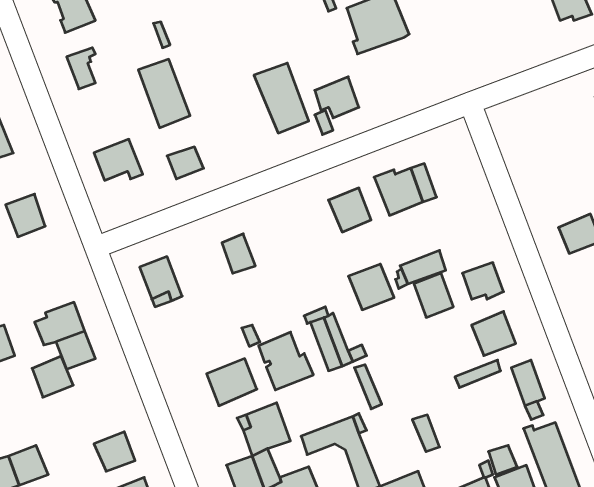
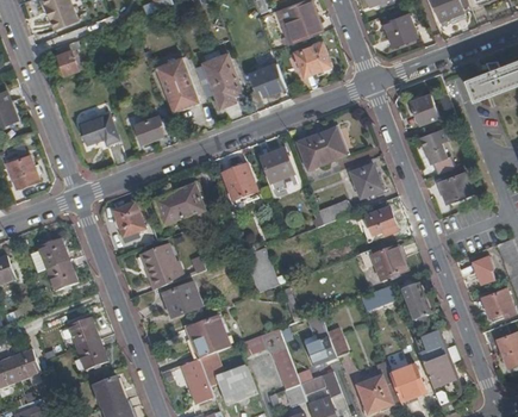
building: none -> [385,11,418,43]
building: none -> [293,41,330,75]
building: [138,59,190,128] -> [156,57,196,111]
building: none -> [411,92,439,123]
building: none -> [420,125,455,174]
building: none -> [154,192,185,224]
building: [348,264,394,310] -> [221,166,257,201]
building: [414,273,453,317] -> [350,164,381,199]
building: [259,332,313,390] -> [142,244,185,290]
building: [32,356,73,397] -> [68,317,100,349]
building: none -> [306,312,336,363]

